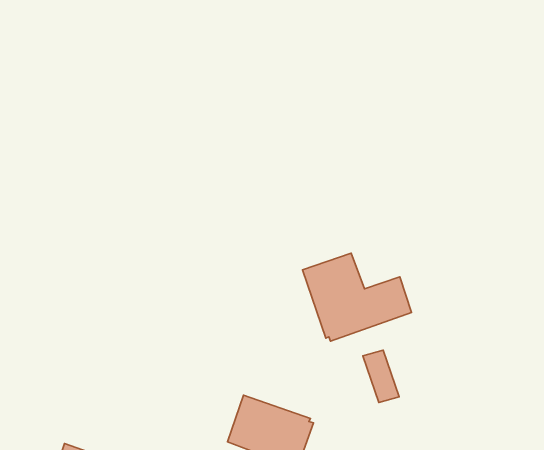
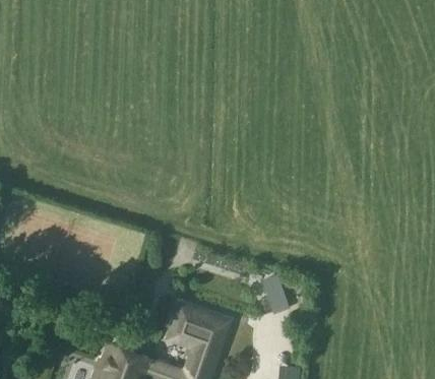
building: [302,253,411,341] -> none

